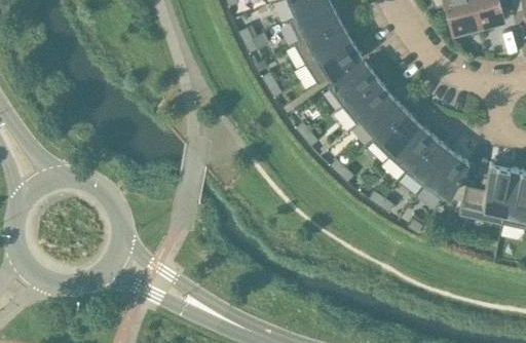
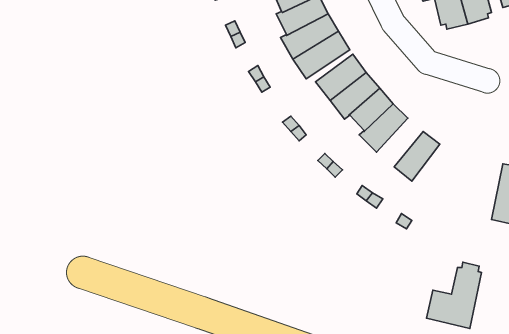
building: [388,124,435,173] -> none
building: [423,150,468,201] -> none
building: [459,159,514,225] -> [427,262,481,328]

